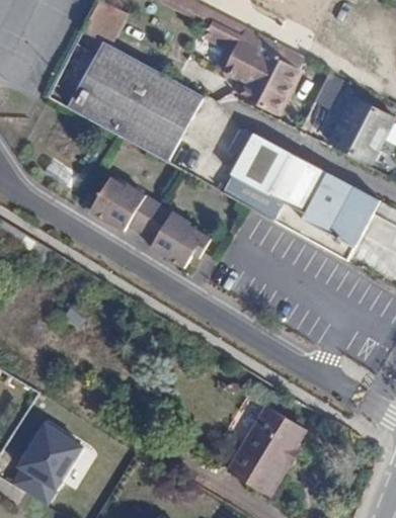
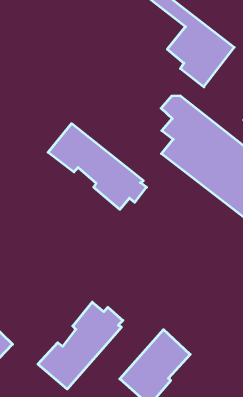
building: [64,39,197,157] -> none
building: none -> [38,302,123,389]

